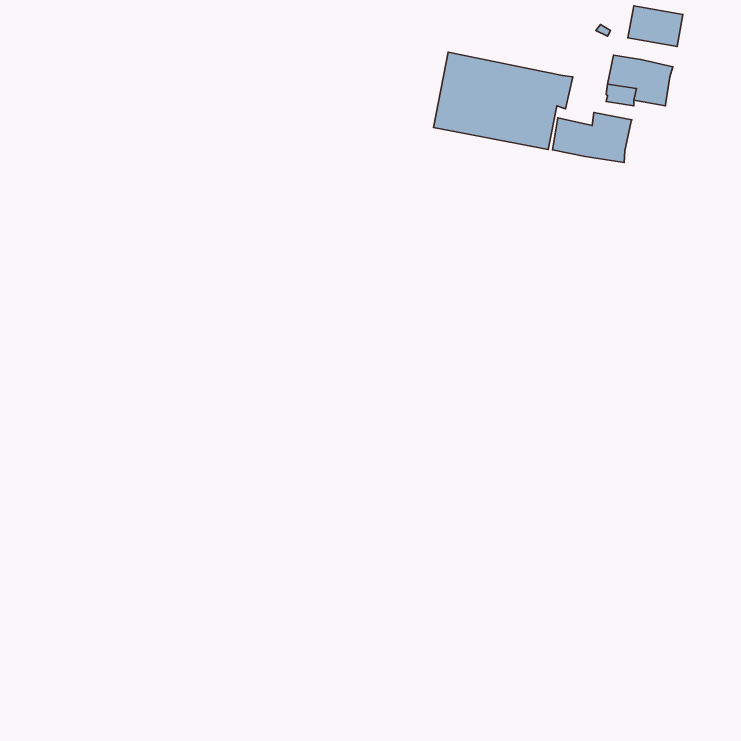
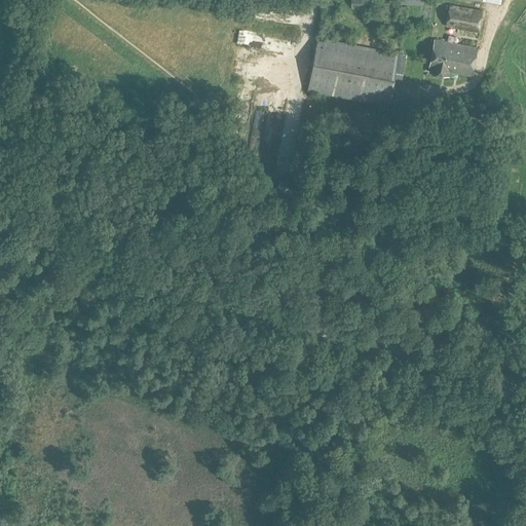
building: [553,112,632,162] -> none

